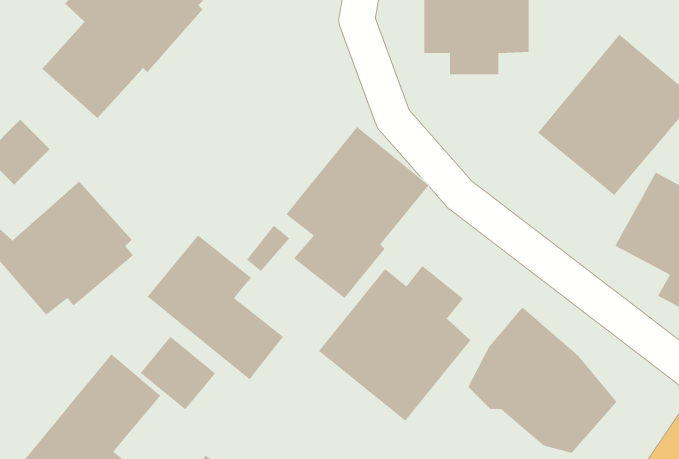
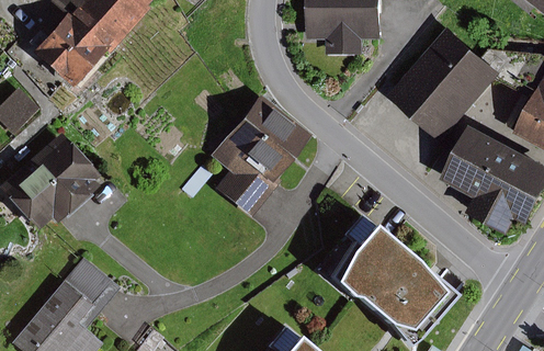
building: [147,234,284,380] -> none
building: [318,265,471,422] -> none
building: [140,336,216,410] -> none

